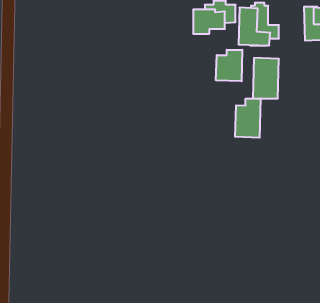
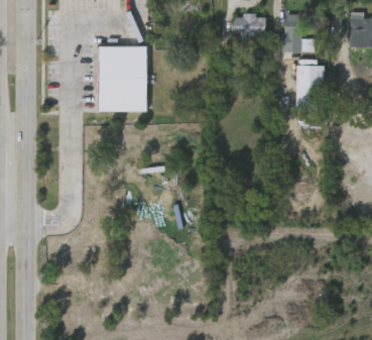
building: none -> [97,45,145,111]
building: [216,50,242,81] -> none
building: [235,98,260,138] -> none

